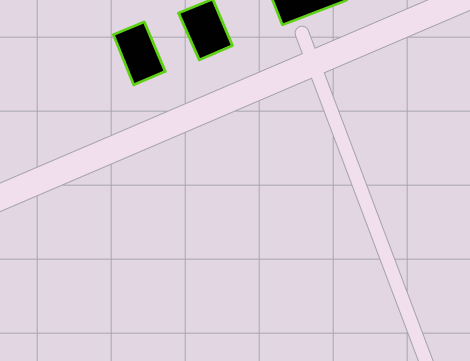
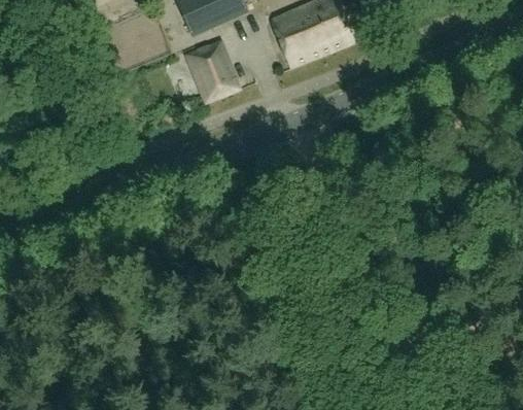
building: [113,22,165,85] -> none

